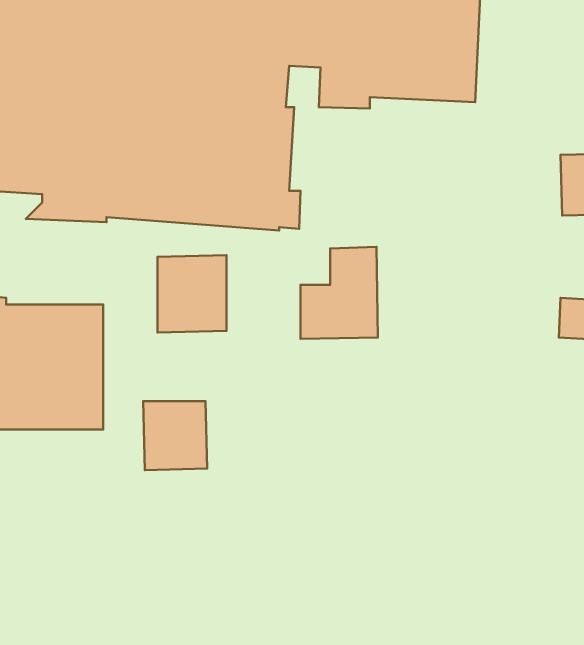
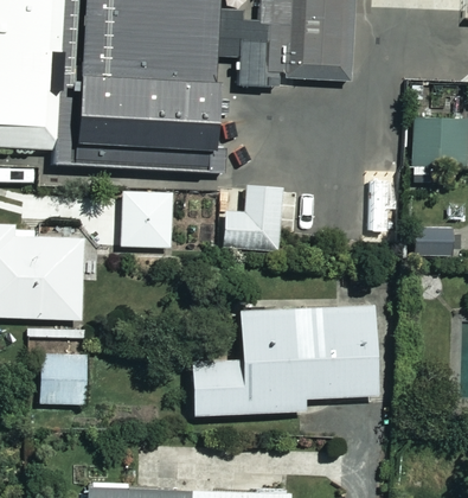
building: [143,401,207,470] -> [40,355,86,404]
building: none -> [191,307,376,416]

